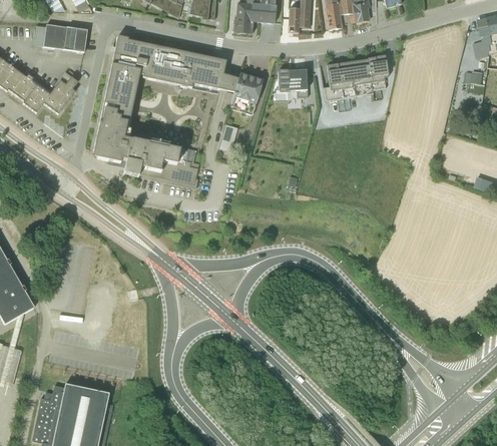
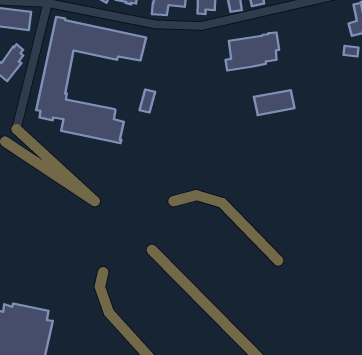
building: [278,66,308,96] -> none
building: [230,73,263,114] -> none
building: none -> [254,90,295,115]

